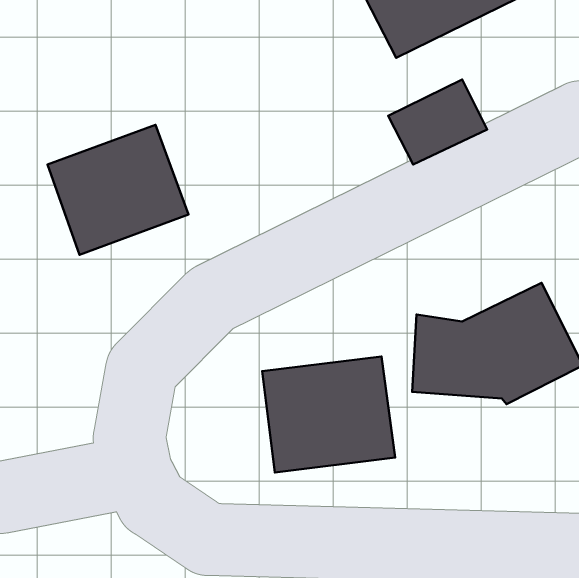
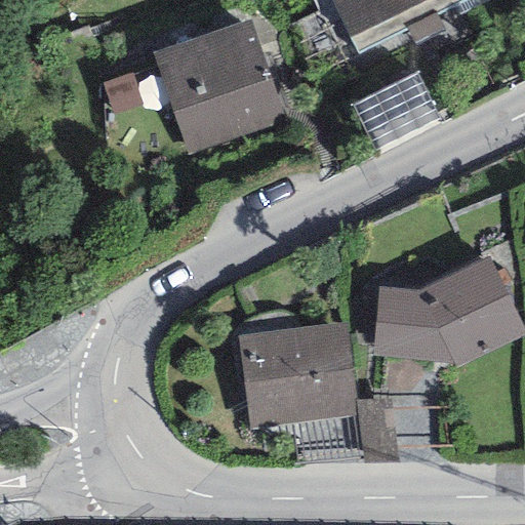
building: none -> [152,16,287,153]
building: [48,125,188,255] -> none

